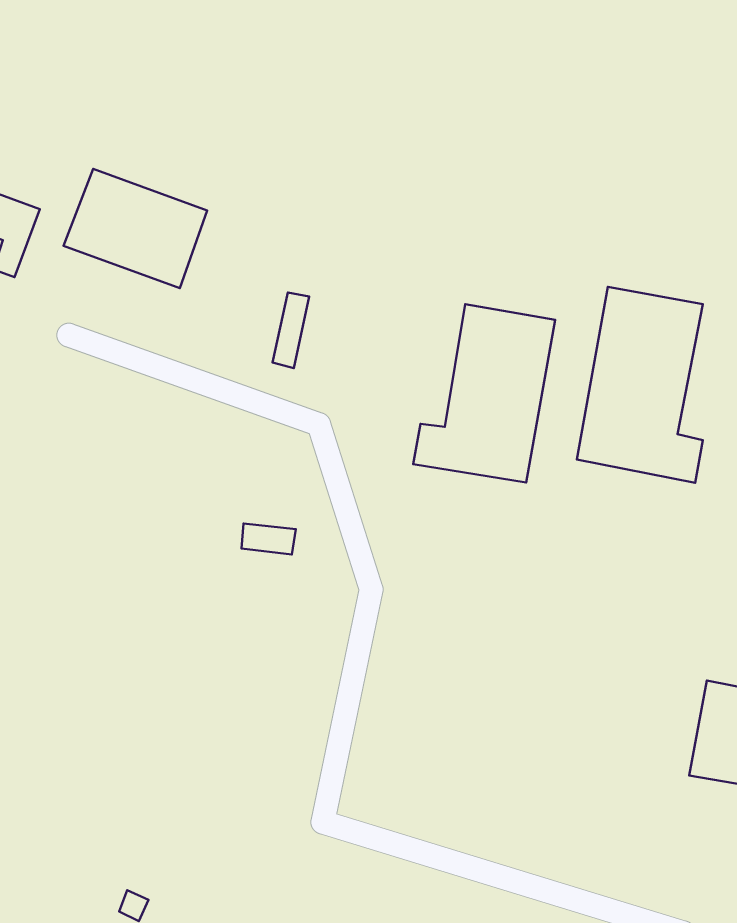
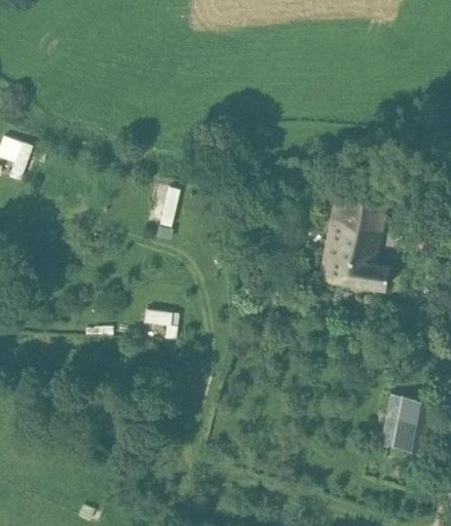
building: [64,169,207,288] -> none
building: [413,304,555,482] -> none

